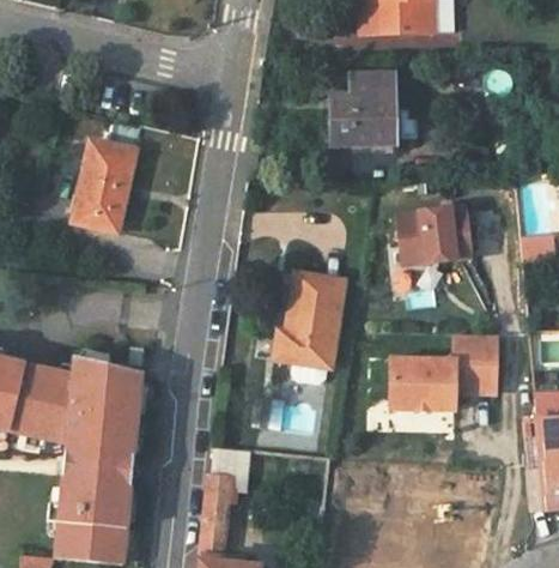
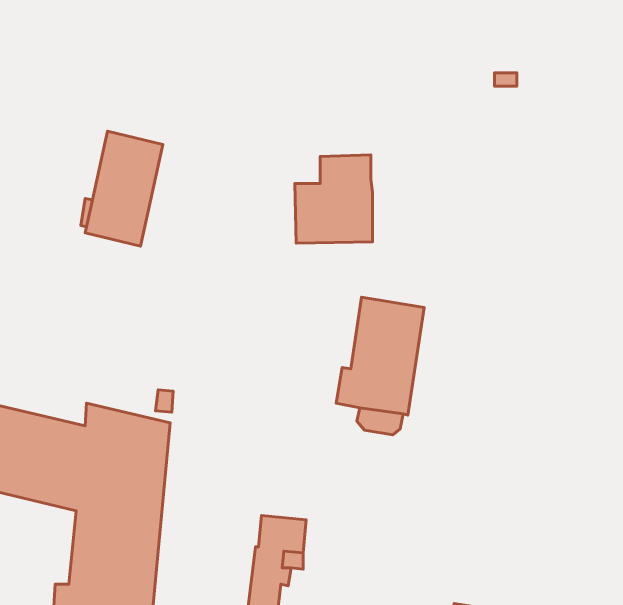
building: [332,73,394,144] -> [295,155,372,243]
building: [397,206,472,264] -> none
building: [390,333,497,410] -> none

